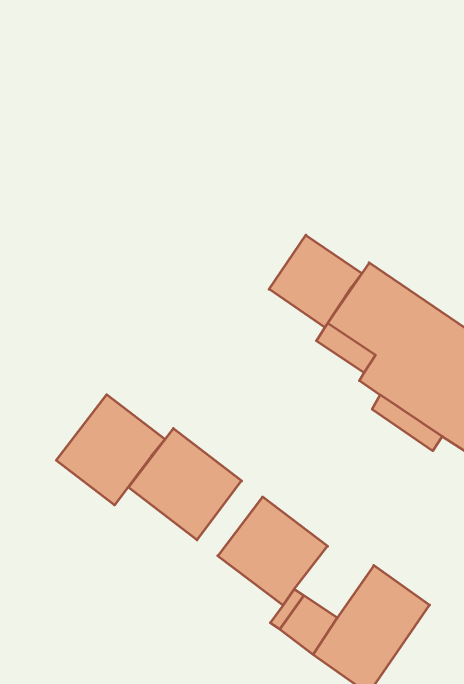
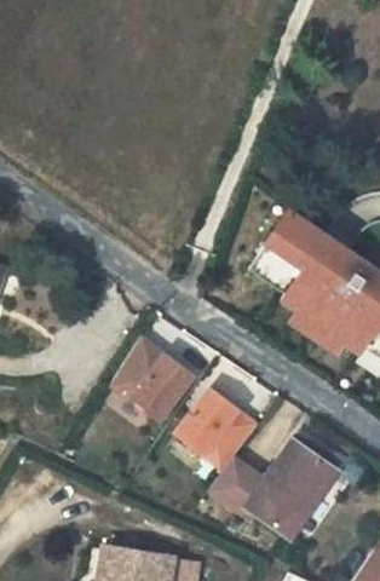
building: [269,235,362,327] -> none
building: [56,395,165,505] -> none

